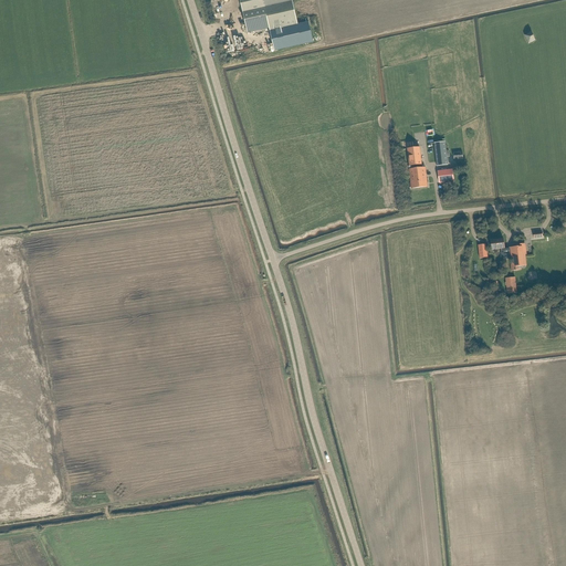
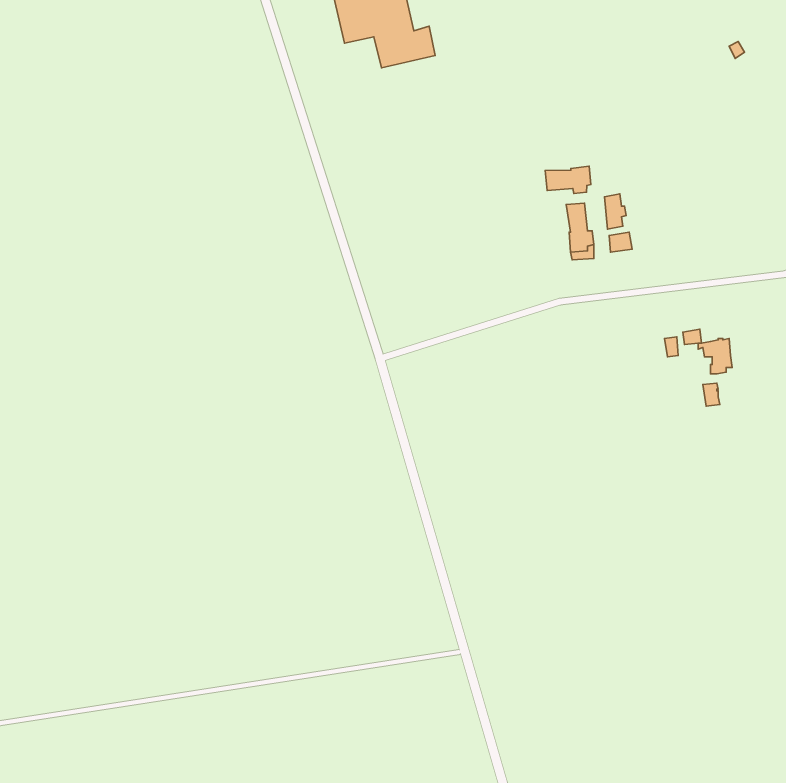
building: none -> [545,166,591,193]

